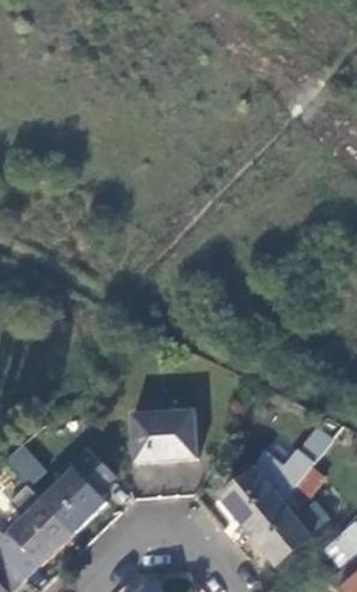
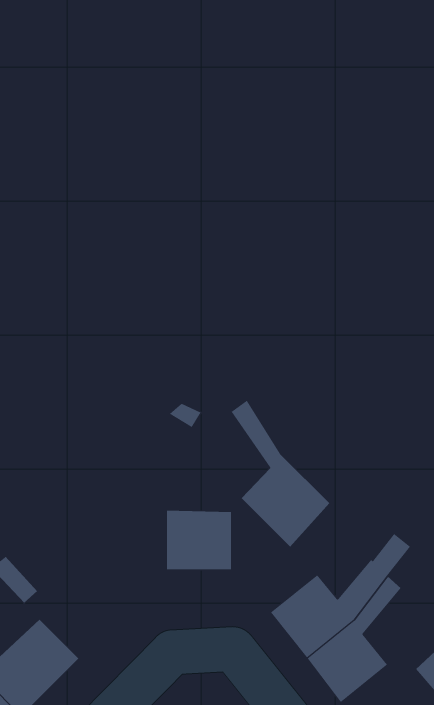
building: none -> [231,400,330,547]
building: [41,450,113,531] -> none

